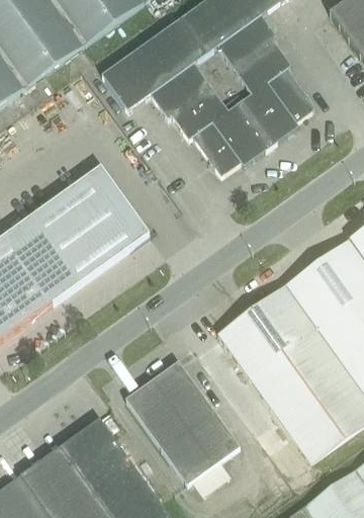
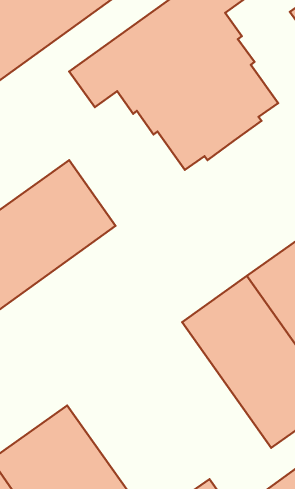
building: [125,361,240,485] -> none

